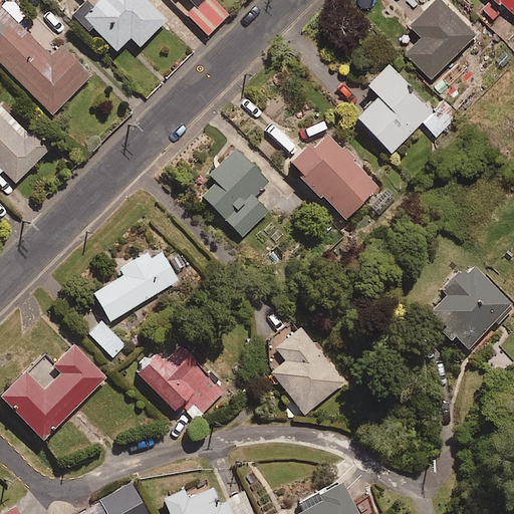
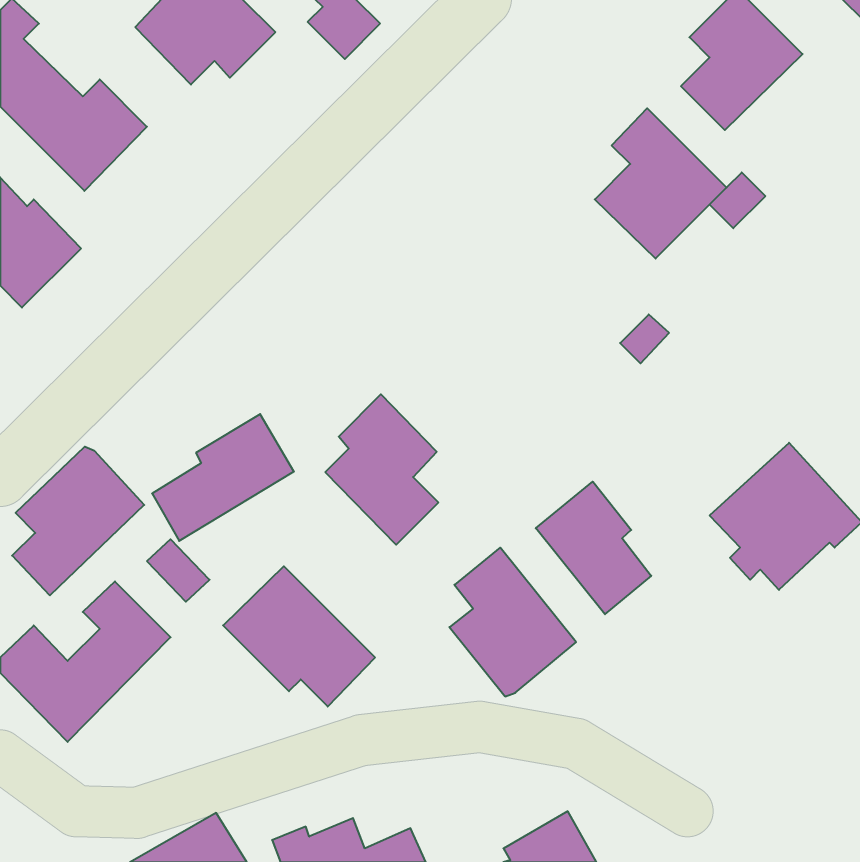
building: [289,132,377,221] -> none
building: [201,148,268,237] -> [325,394,438,545]
building: none -> [12,447,144,595]
building: none -> [536,482,651,614]

